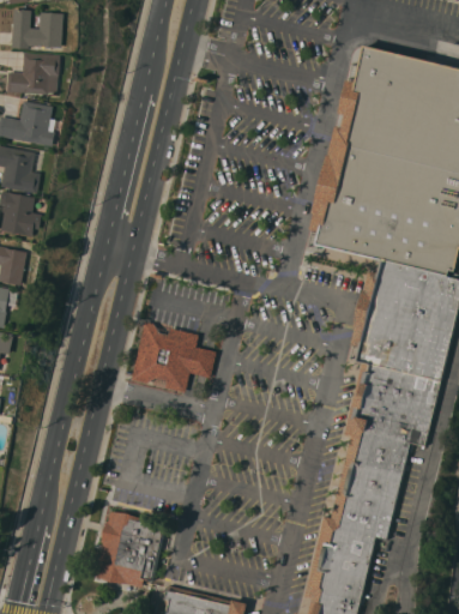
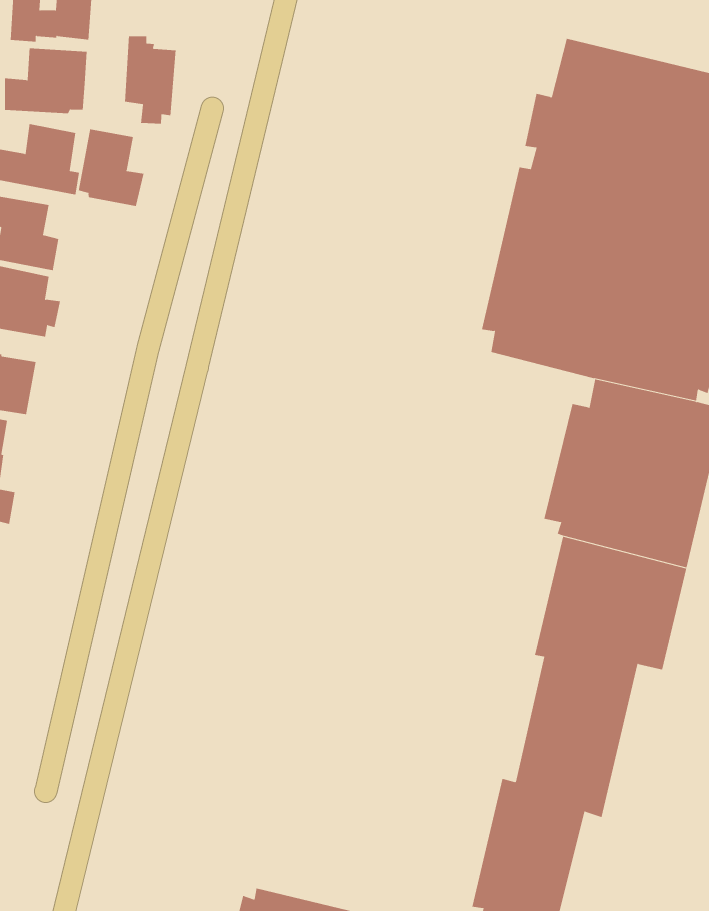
building: none -> [125,35,176,125]
building: none -> [78,128,144,207]
building: [131,321,216,392] -> none
building: [93,511,164,588] -> none

